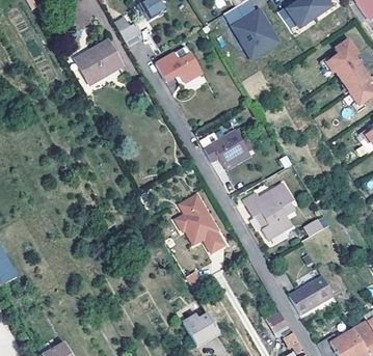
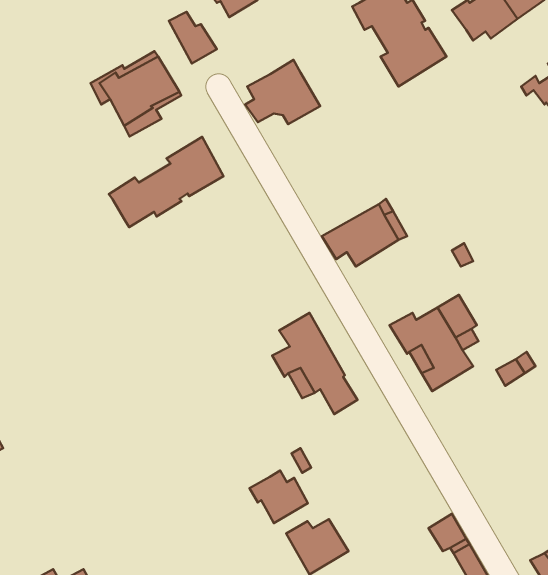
building: none -> [109,137,224,227]
building: [289,274,332,313] -> none
building: none -> [249,470,308,523]

